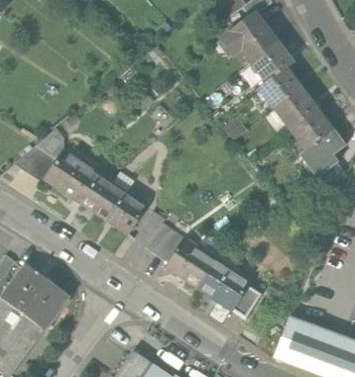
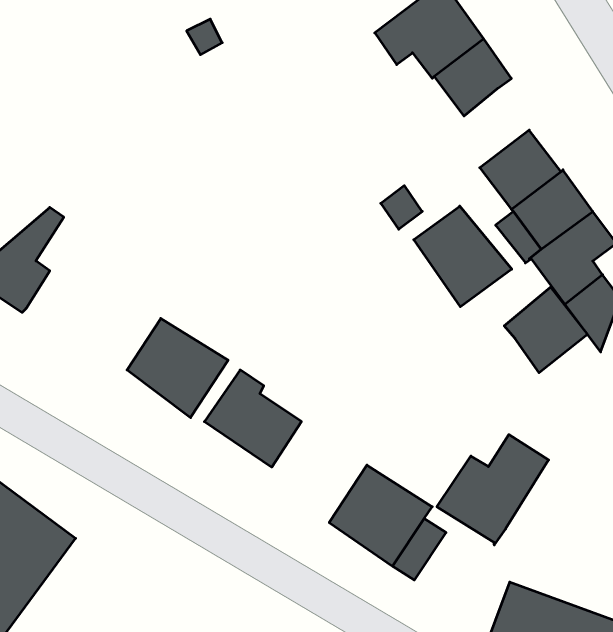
building: [258,67,300,107] -> none
building: none -> [414,206,512,307]
building: [43,151,112,210] -> none
building: none -> [504,287,587,373]
building: [164,237,217,288] -> none
building: none -> [437,435,549,545]

